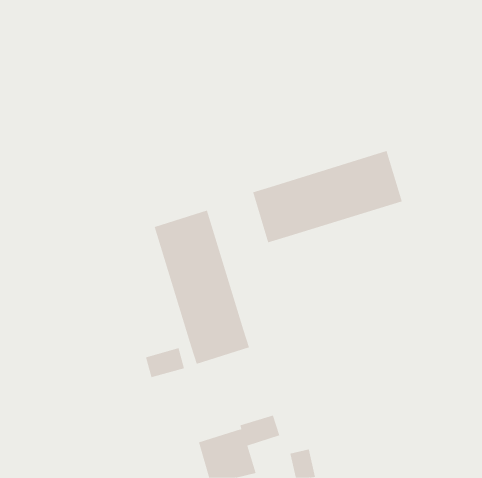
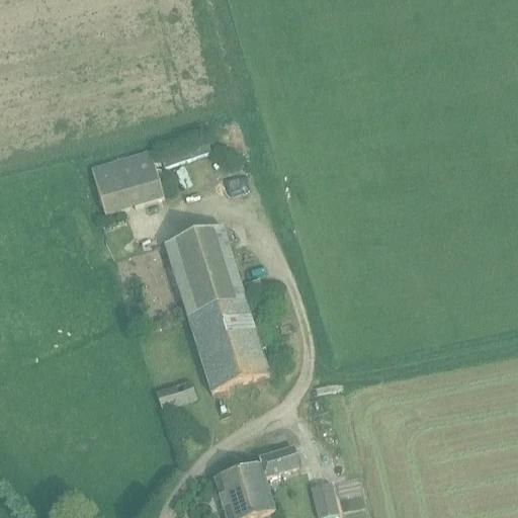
building: none -> [90,148,164,213]
building: [252,150,402,243] -> none

